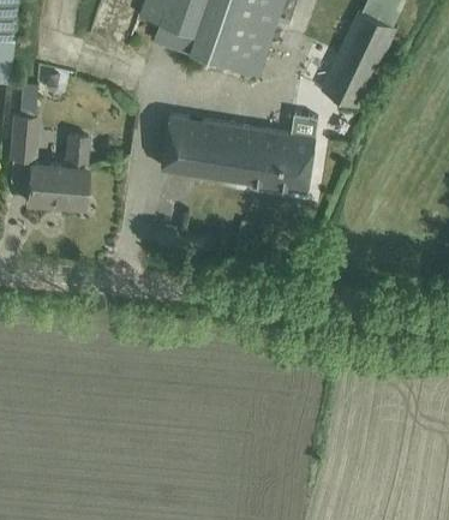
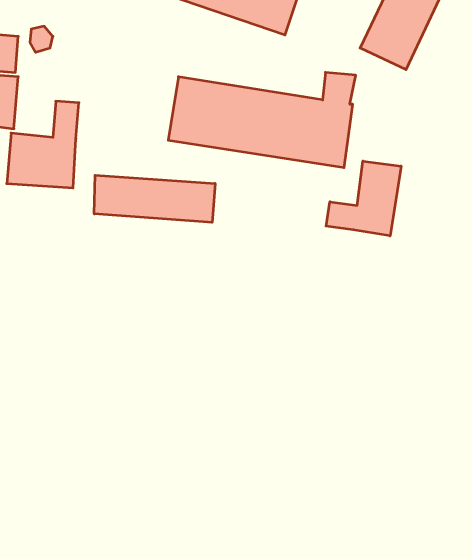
building: none -> [326,161,401,236]
building: none -> [94,175,215,222]

